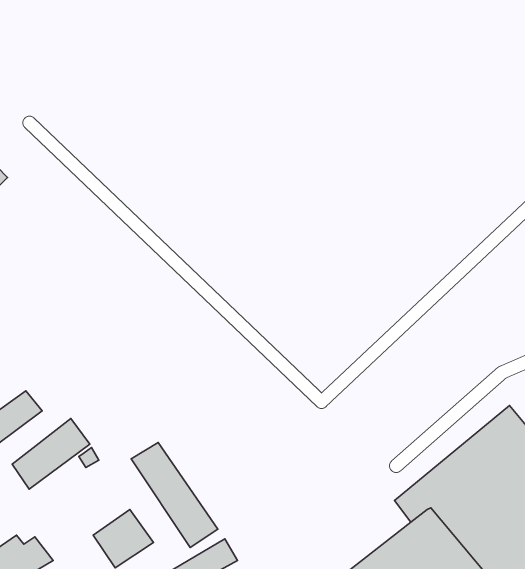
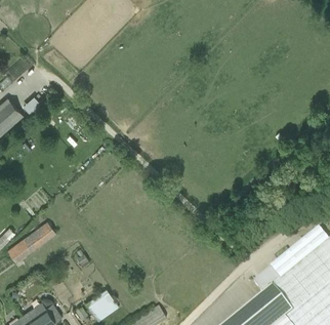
building: [12,419,90,489] -> none
building: [131,443,218,547] -> none

